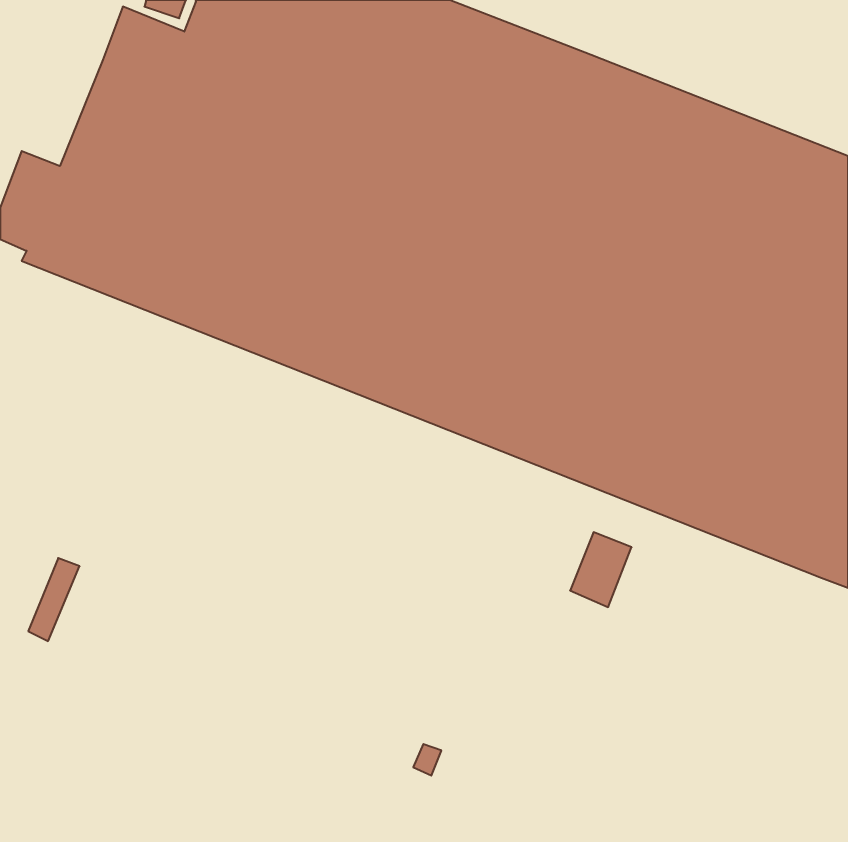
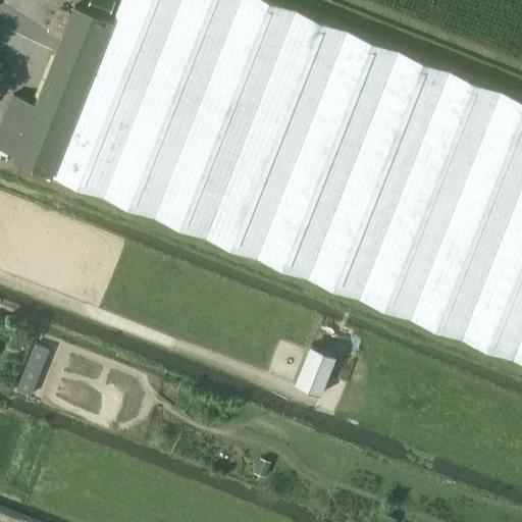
building: [570,532,632,607] -> [297,351,334,397]

